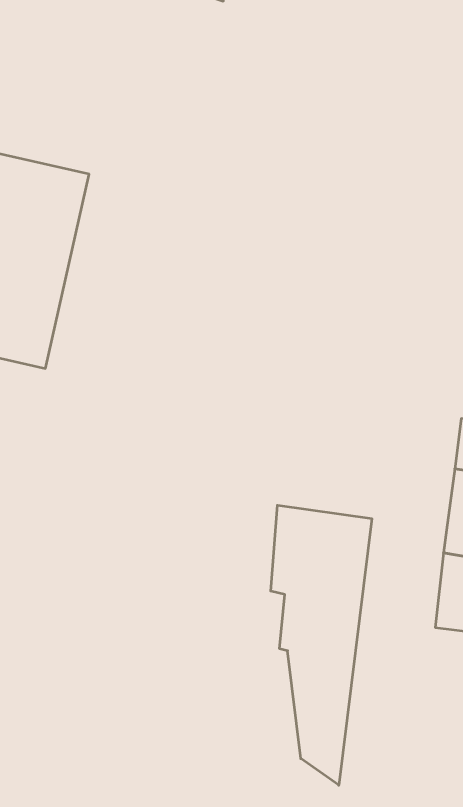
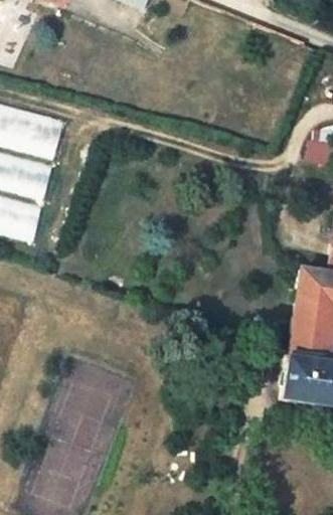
building: [271,505,372,785] -> none

